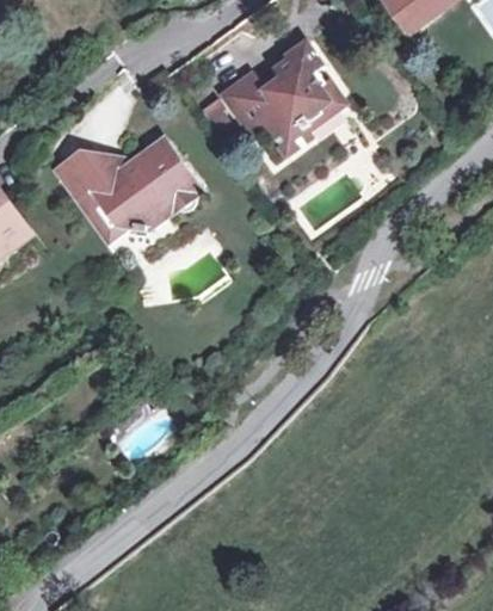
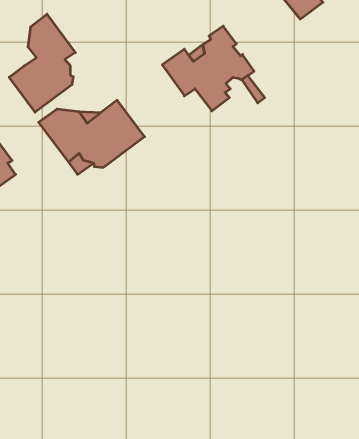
building: none -> [9,14,75,112]

